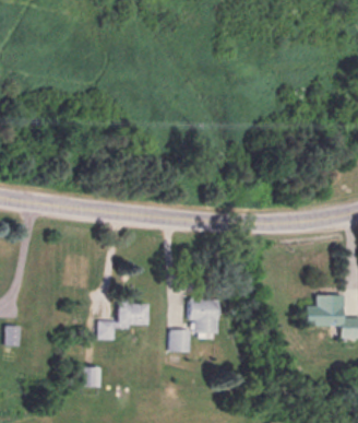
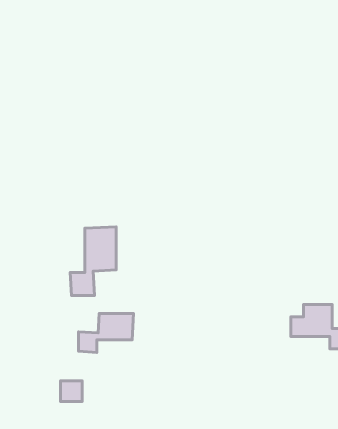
building: none -> [70,227,116,295]
building: [171,299,220,352] -> none

